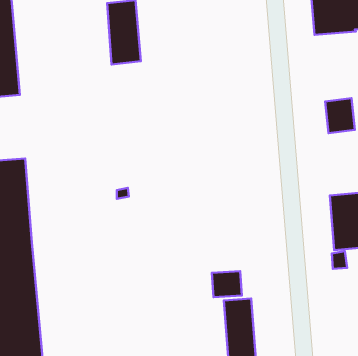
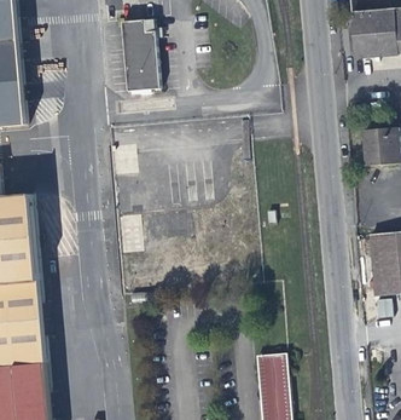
building: [212,271,242,297] -> none

